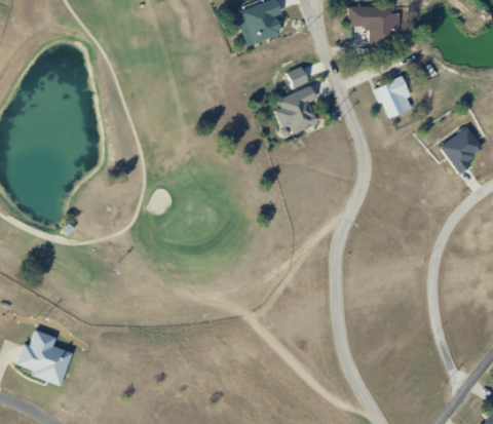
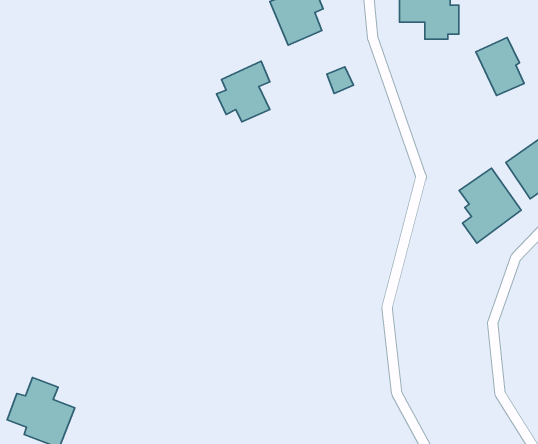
building: [374,73,415,122] -> [476,37,524,95]
building: [273,82,318,133] -> [217,61,270,122]
building: none -> [459,168,521,243]

